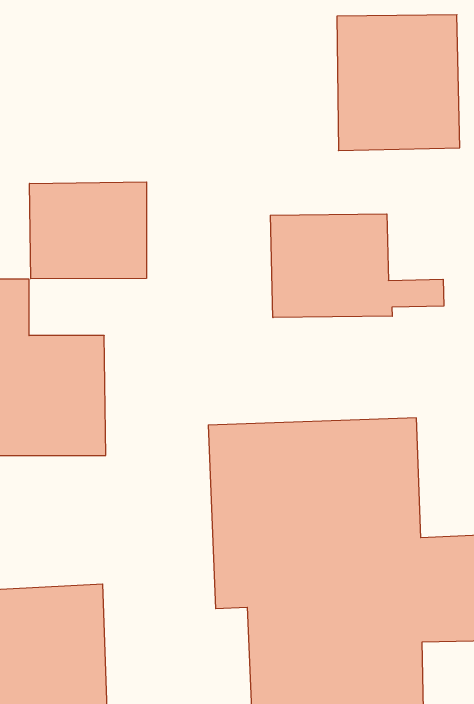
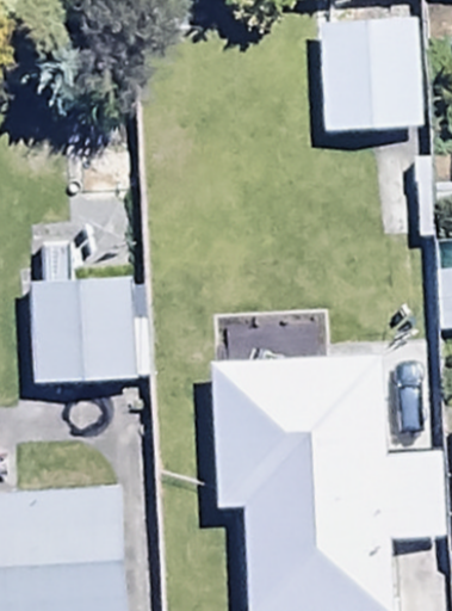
building: [30,182,147,279] -> none
building: [270,214,444,318] -> none

